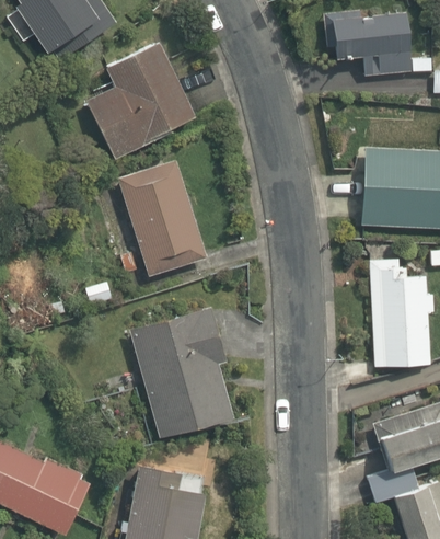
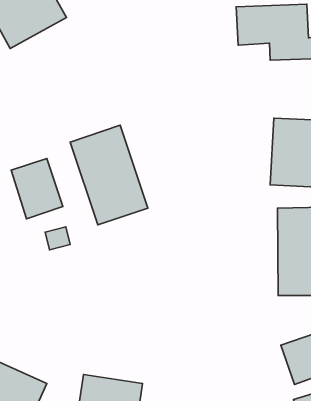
building: [86,36,197,160] -> none
building: none -> [11,159,63,219]
building: [130,306,231,439] -> none

